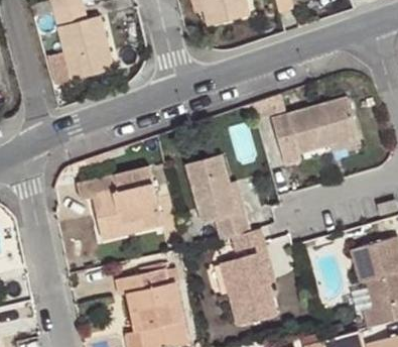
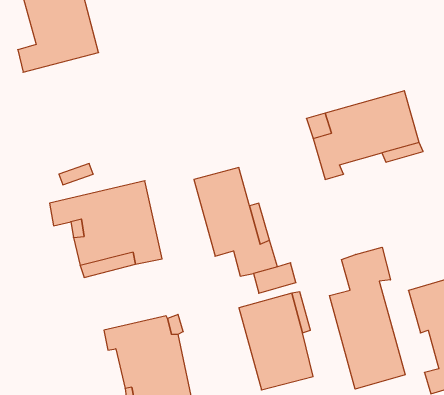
building: none -> [329,247,405,389]

